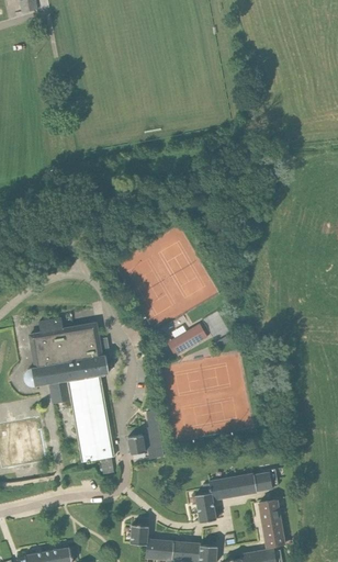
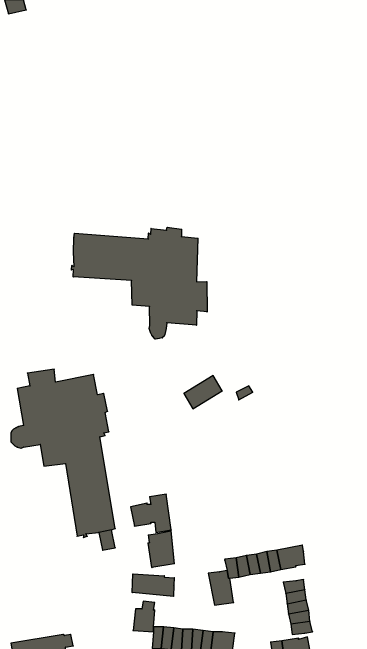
building: none -> [71,227,207,339]
building: none -> [148,531,174,568]
building: none -> [132,574,174,596]

